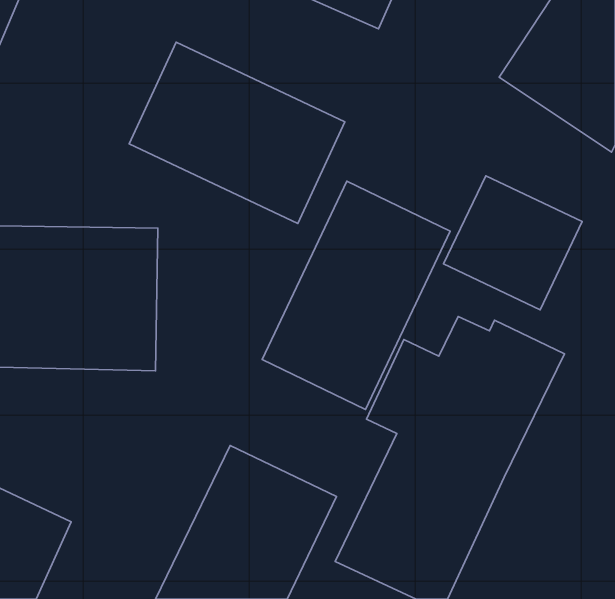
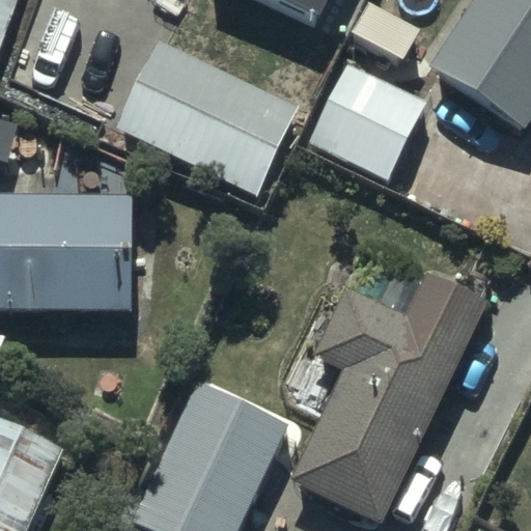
building: [444,176,582,310] -> [307,61,426,176]
building: [262,181,450,409] -> none

